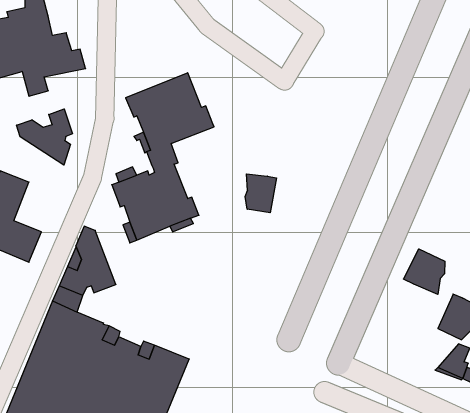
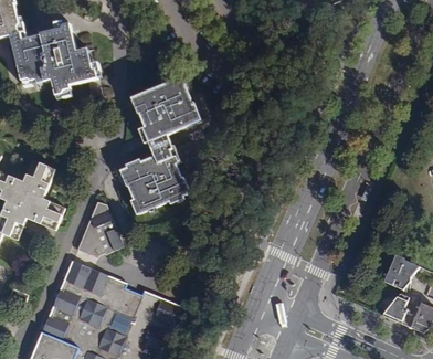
building: [17,109,72,165] -> none
building: [245,174,276,213] -> none
building: [403,249,445,294] -> none

